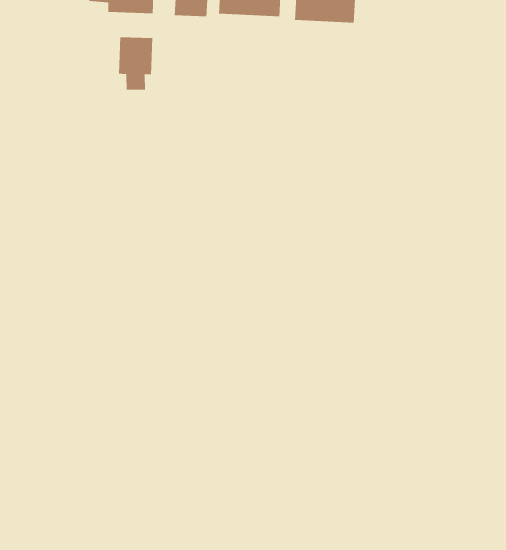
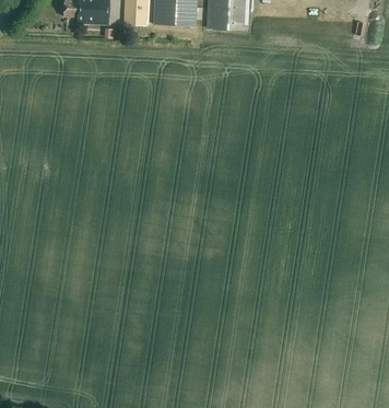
building: [118,36,153,91] -> none

